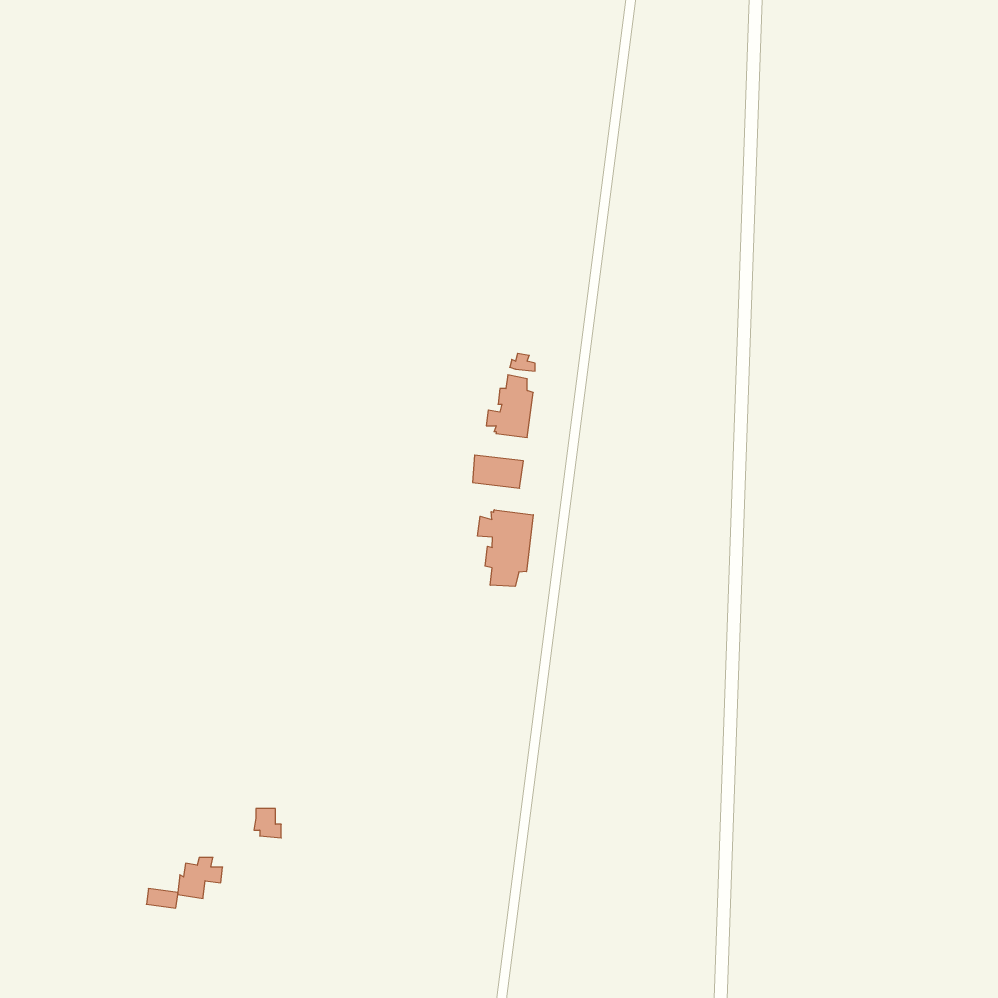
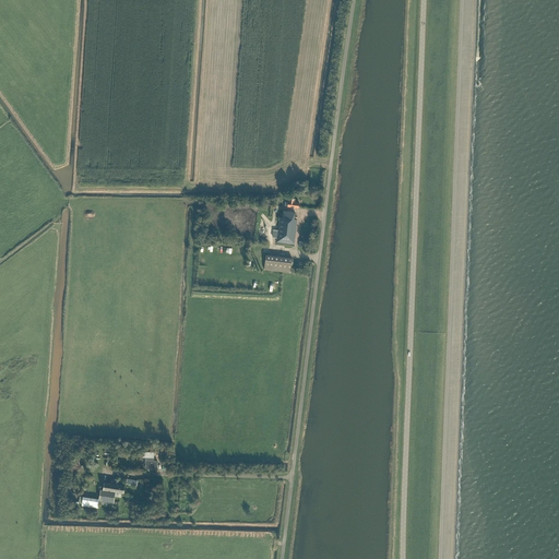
building: [478,510,533,586] -> none

